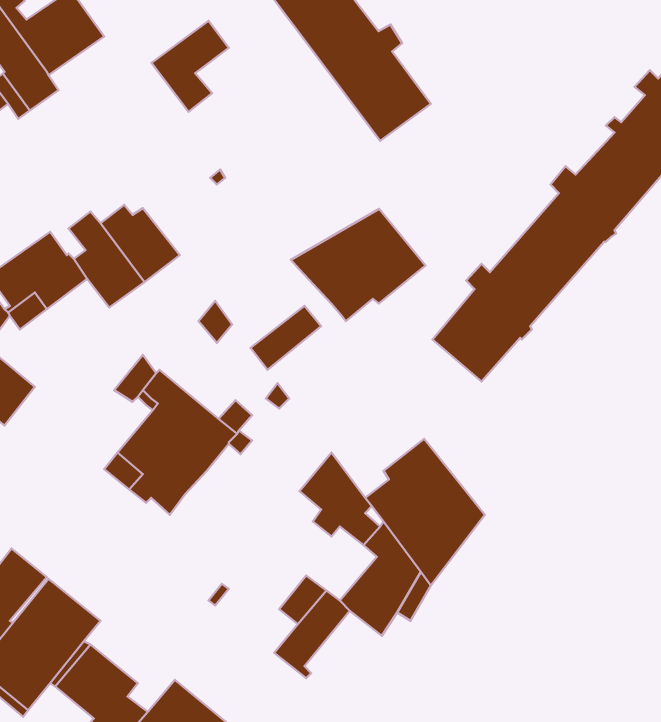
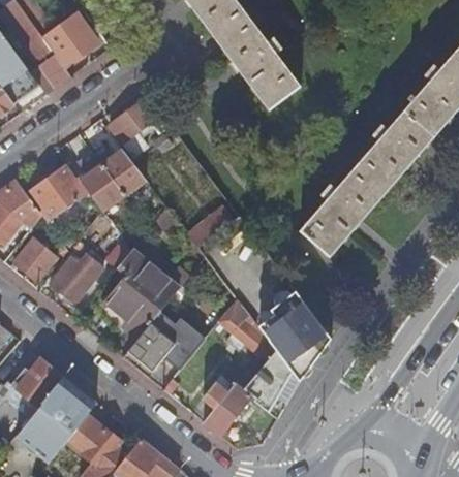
building: [151,21,229,112] -> [109,100,156,156]
building: [291,209,425,321] -> none
building: none -> [51,255,102,303]
building: none -> [127,311,206,371]

